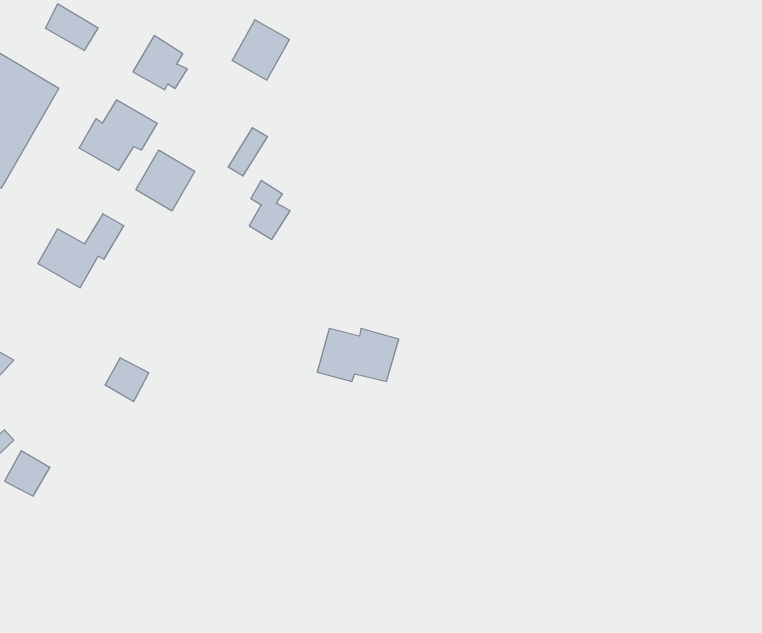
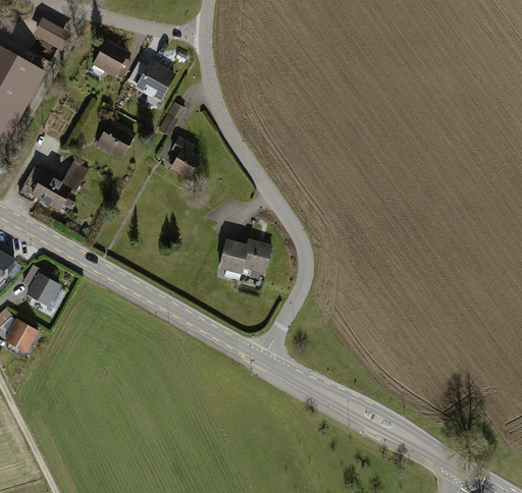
building: [232,20,289,80] -> [136,61,174,102]
building: [79,100,157,171] -> none
building: [105,358,149,401] -> [28,275,57,305]

